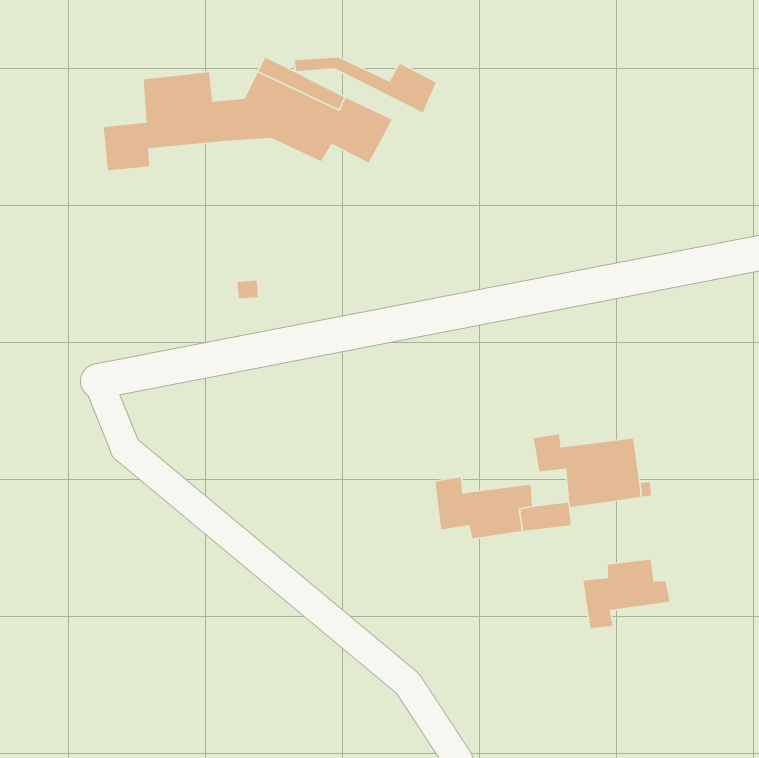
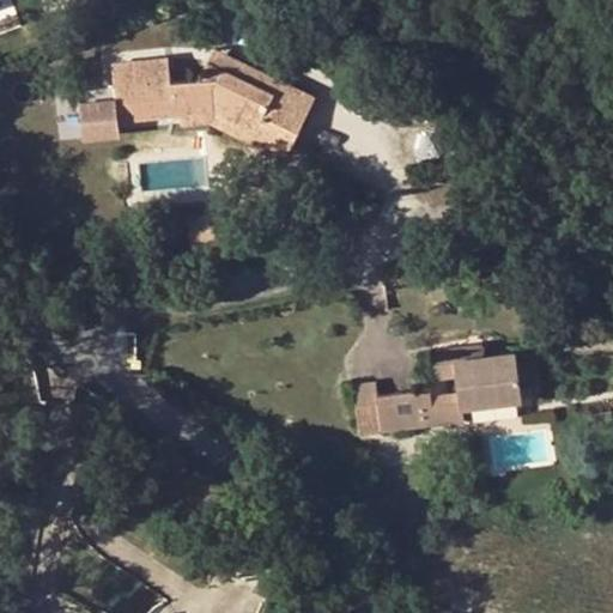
building: [294,57,437,114] -> [182,114,297,159]
building: [583,559,670,629] -> none

